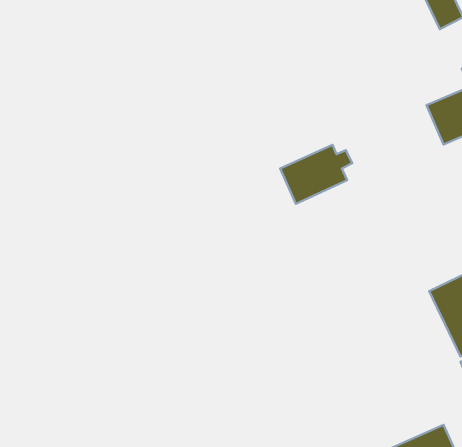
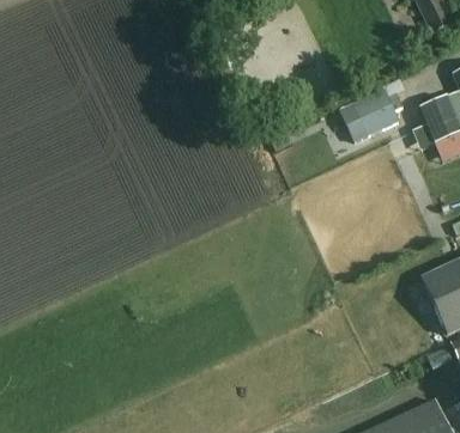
building: [280,145,352,204] -> [337,89,402,142]

